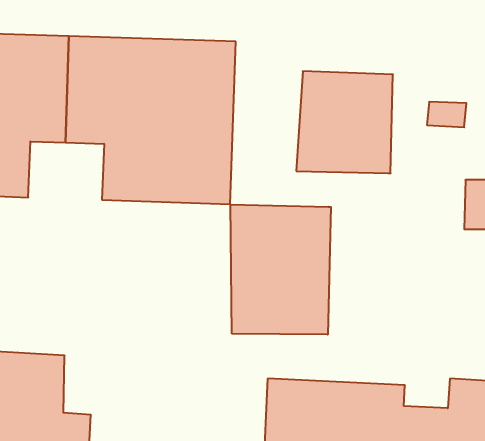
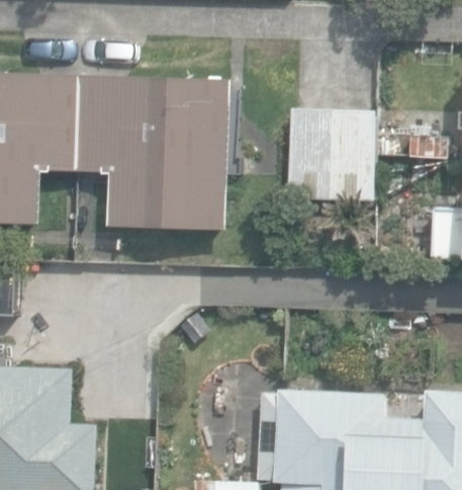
building: [231,204,331,335] -> none

